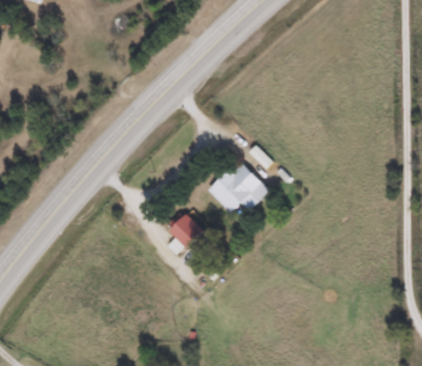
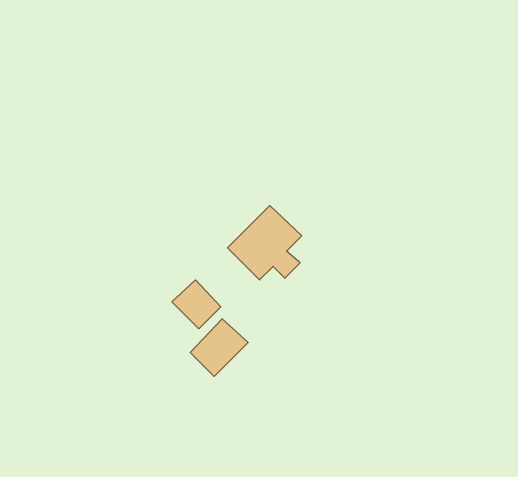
building: none -> [190,319,248,376]

